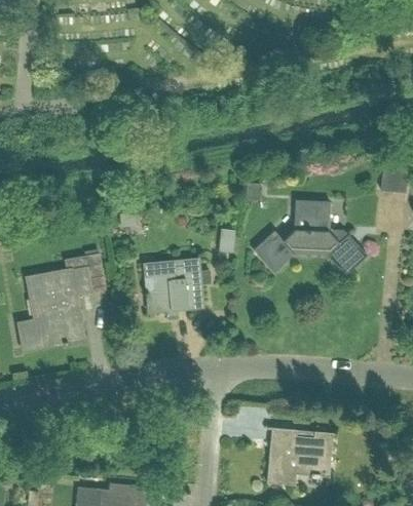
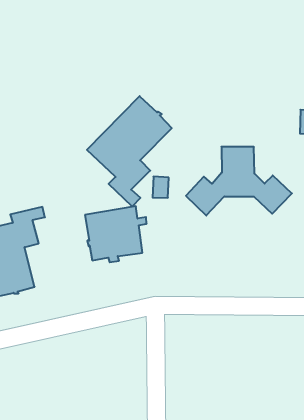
building: none -> [87,96,172,206]
building: [267,426,334,484] -> none

